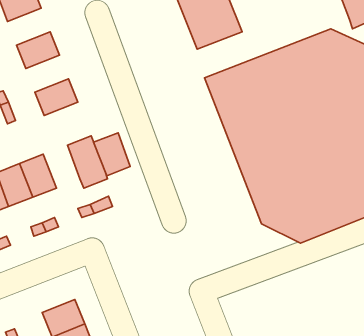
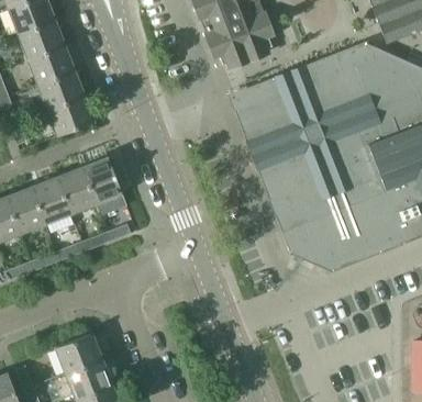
building: none -> [18,21,64,60]
building: none -> [37,71,84,111]
building: [94,133,130,176] -> [56,168,96,214]

